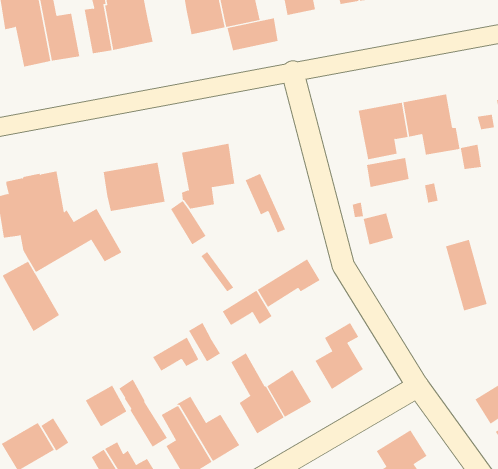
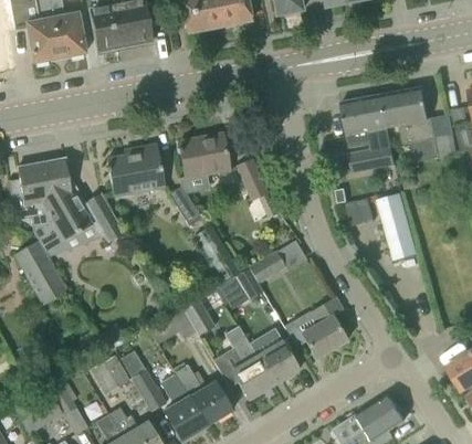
building: [227,17,278,51] -> none
building: [445,239,487,311] -> [378,197,417,263]

